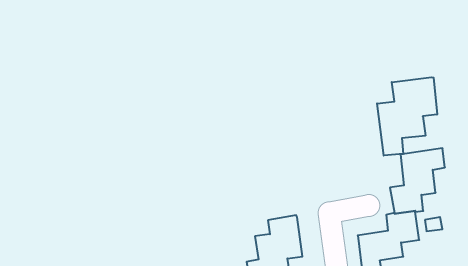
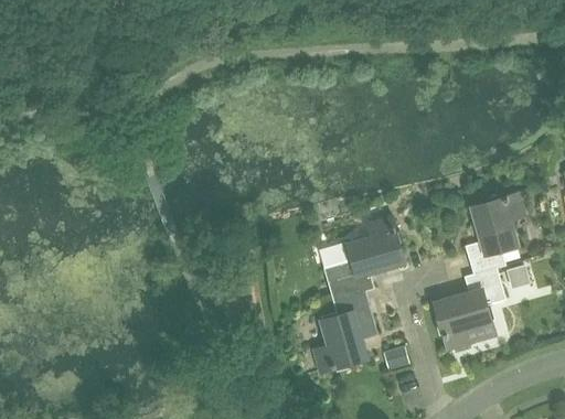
building: [377,77,437,156] -> none
building: none -> [323,217,404,301]

